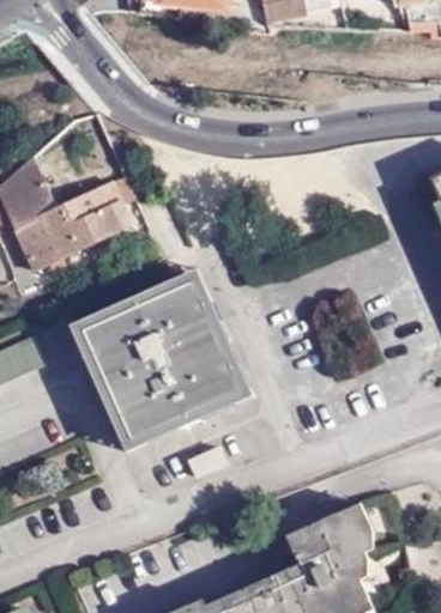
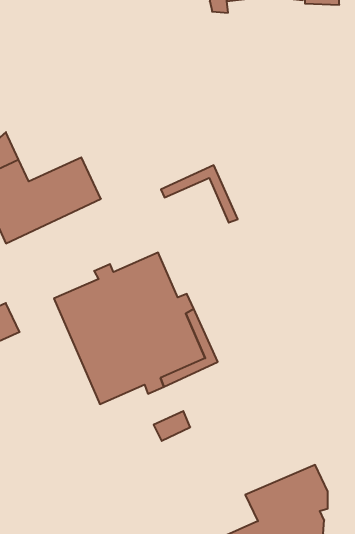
building: [140,269,221,329] -> [161,165,238,223]
building: [68,302,180,454] -> none

